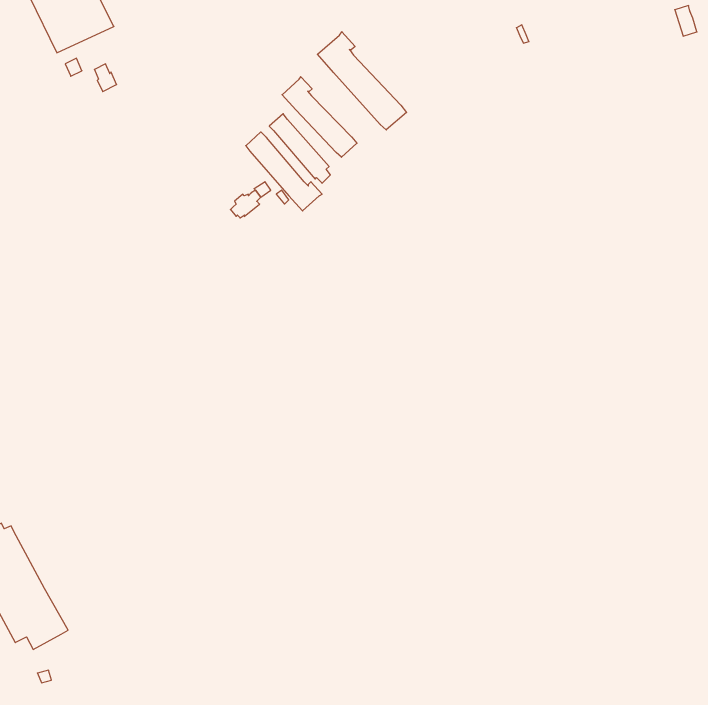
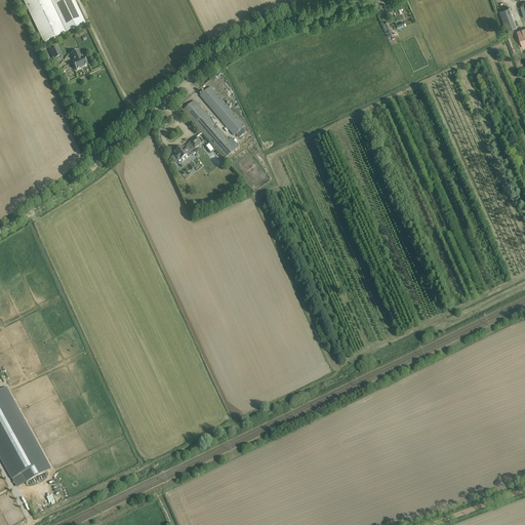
building: [317,32,407,130] -> none
building: [282,77,357,157] -> none

